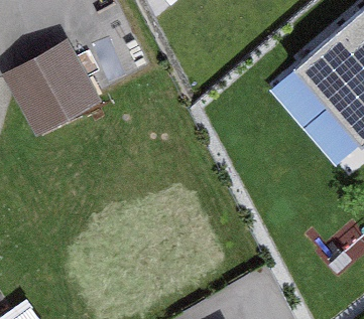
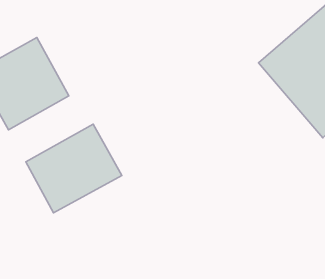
building: none -> [26,124,122,213]

